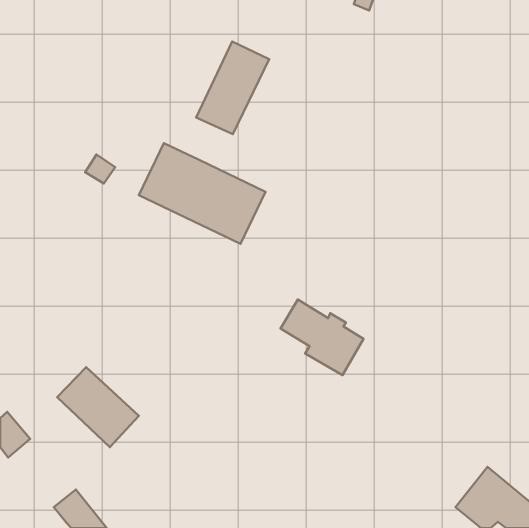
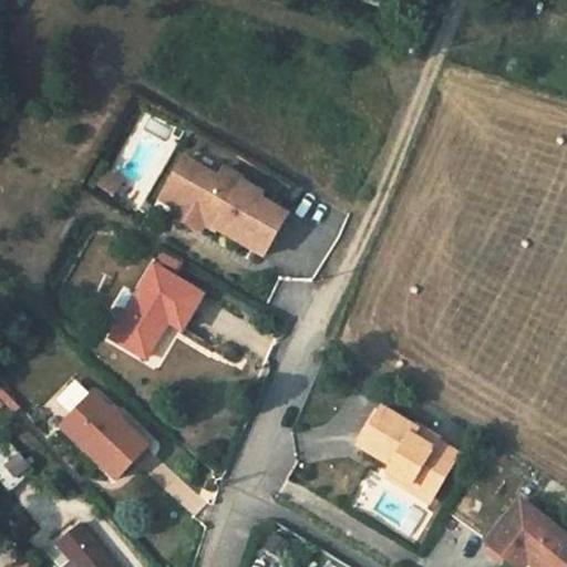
building: [196,41,269,134] -> none
building: none -> [112,265,202,357]
building: [280,300,363,375] -> [367,413,455,494]

